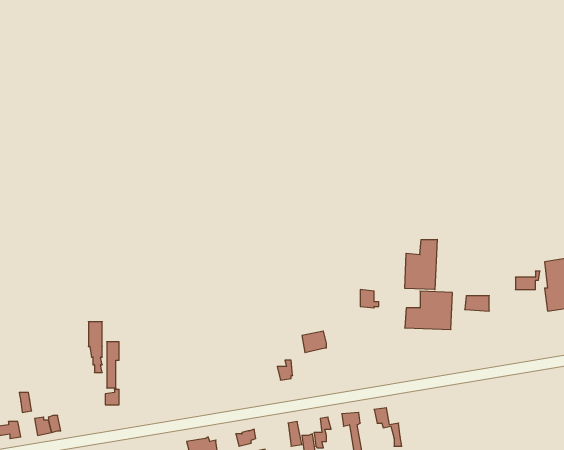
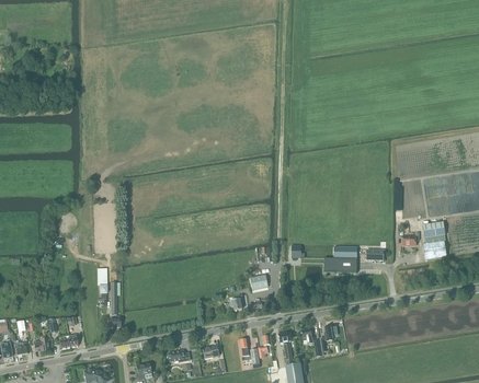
building: [405,239,437,290] -> none

